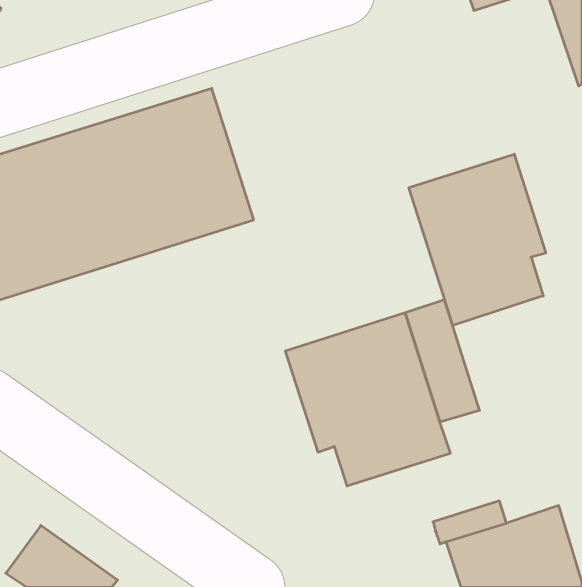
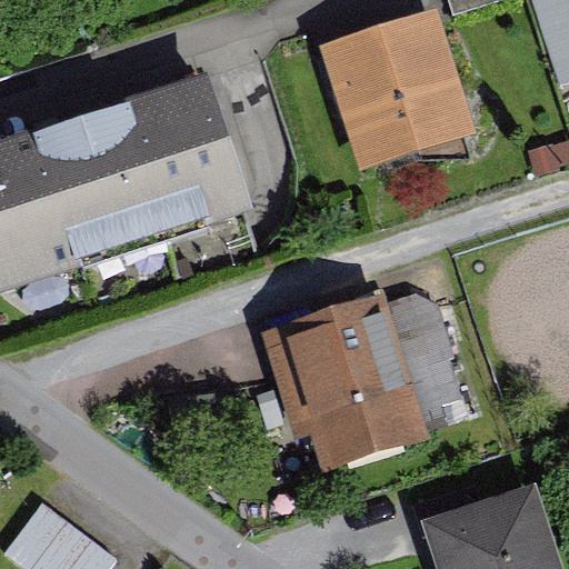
building: none -> [325,17,471,169]
building: [409,154,546,325] -> none

